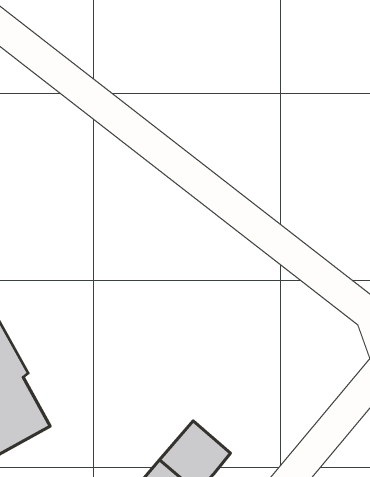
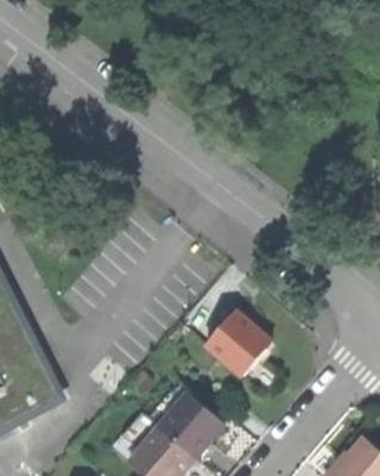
building: none -> [203,309,267,373]

